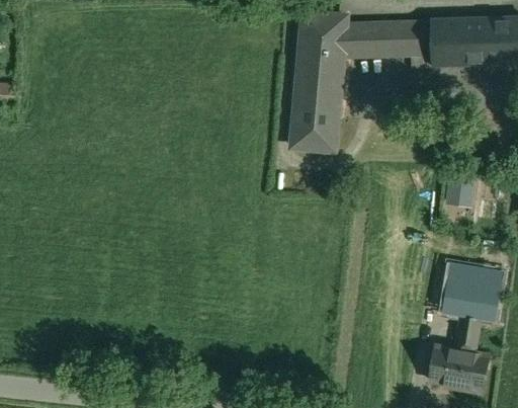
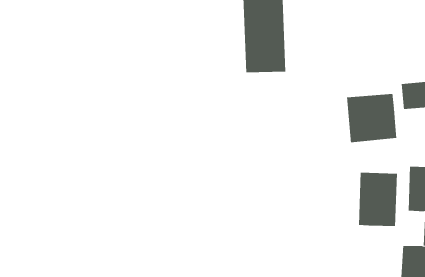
building: none -> [347,93,397,143]
building: none -> [359,172,398,227]

